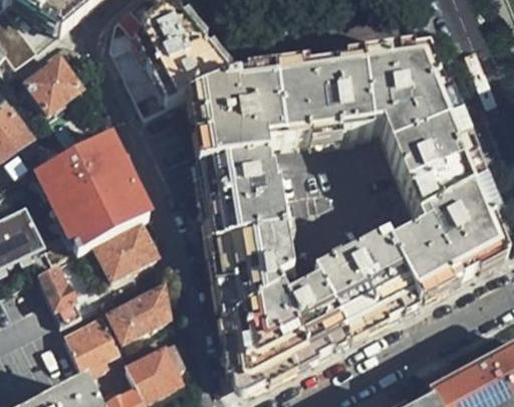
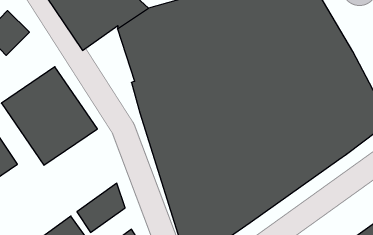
building: [93,222,155,276] -> none
building: [35,261,80,323] -> none

